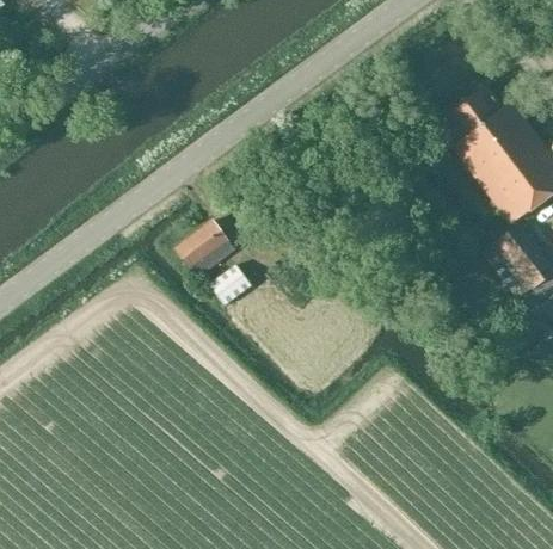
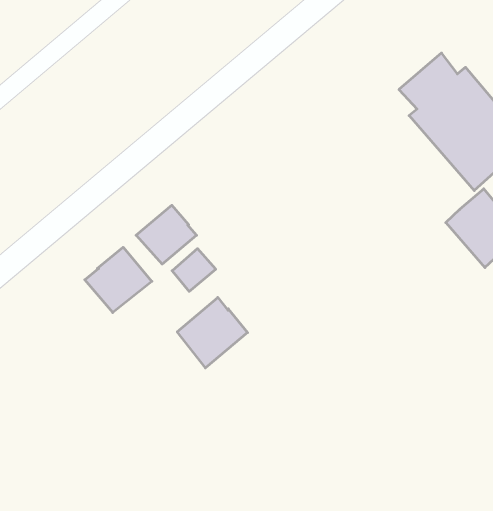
building: none -> [85,247,152,313]
building: none -> [177,297,248,368]

